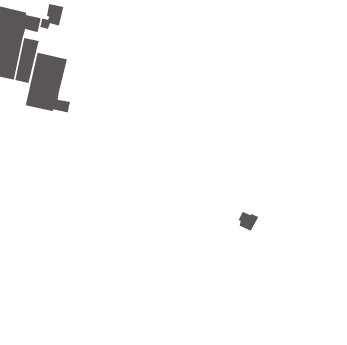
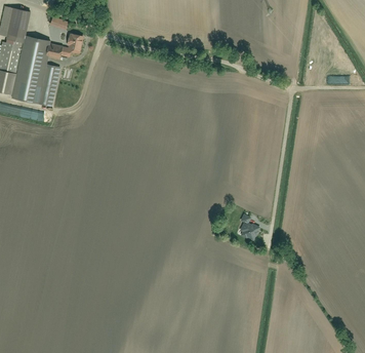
building: [25,52,71,113] -> none

